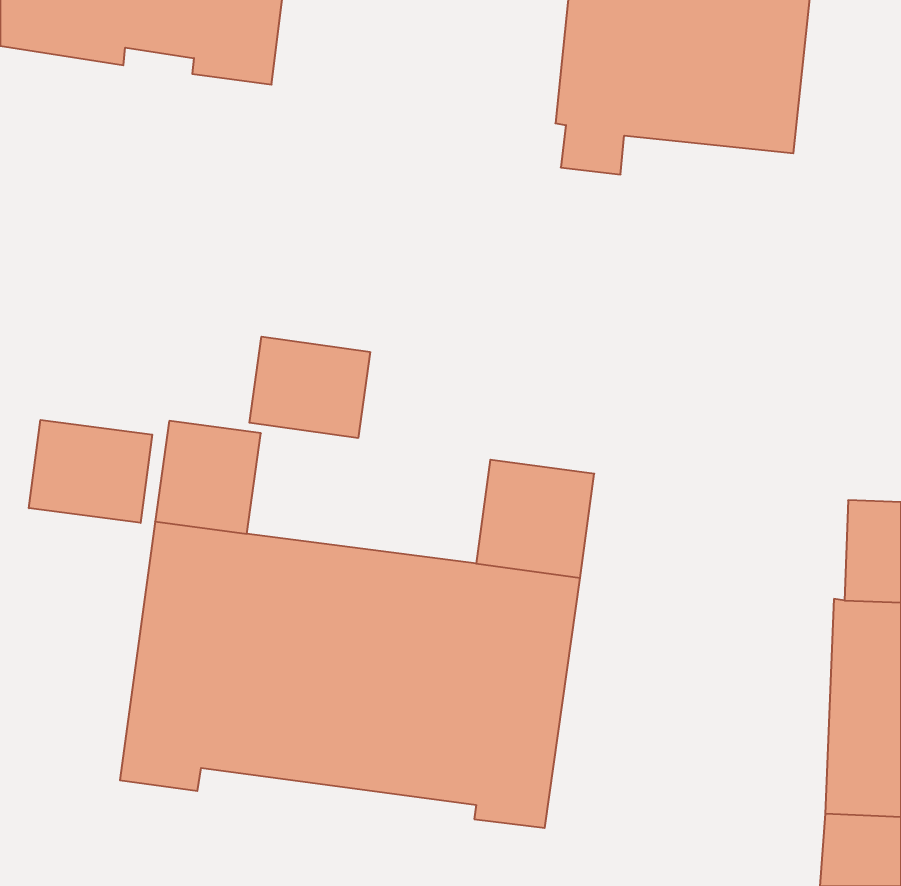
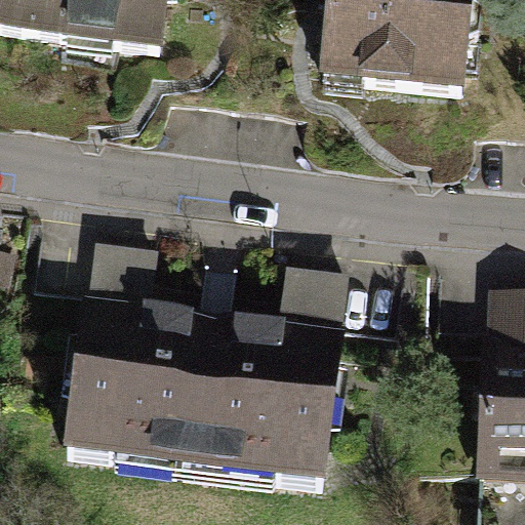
building: [249,337,370,438] -> none
building: [29,420,152,523] -> none

